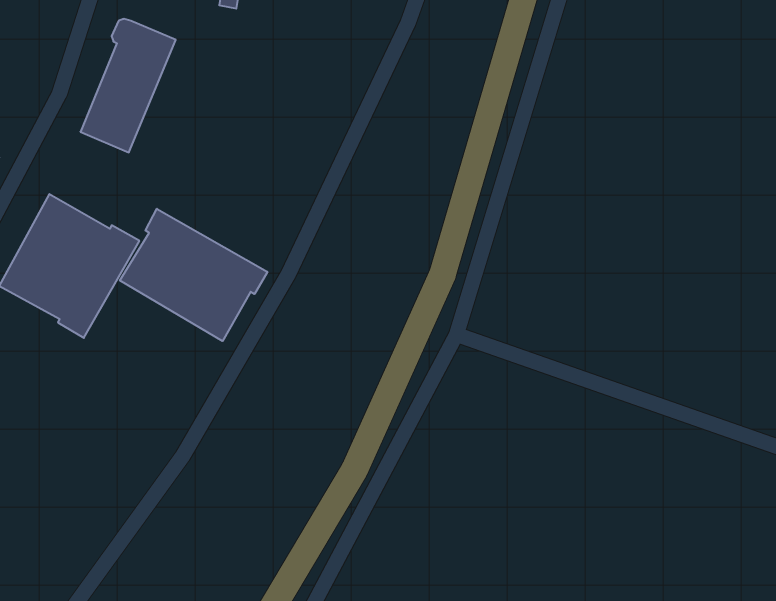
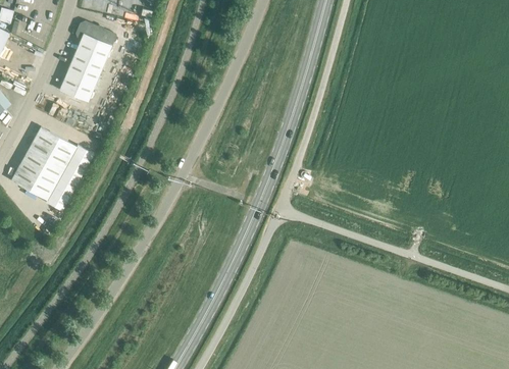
building: [120,209,267,341] -> none

